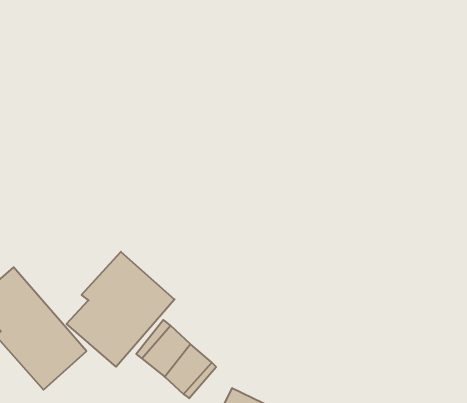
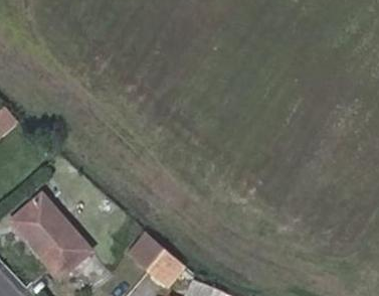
building: [67,252,175,367] -> none

